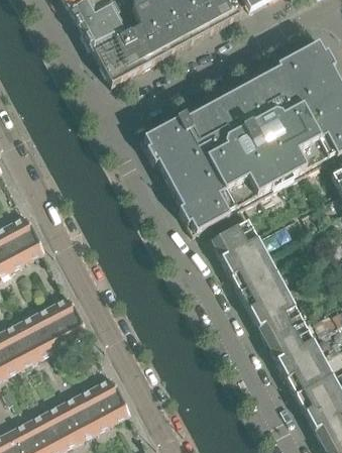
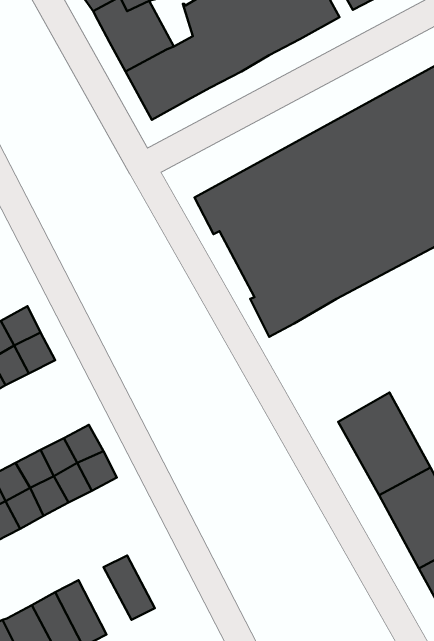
building: [211,207,276,292] -> none
building: [96,374,132,420] -> none
building: [63,391,99,438] -> none

